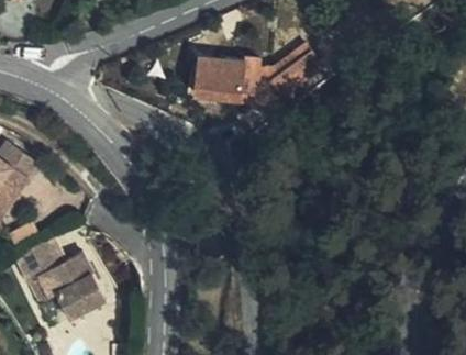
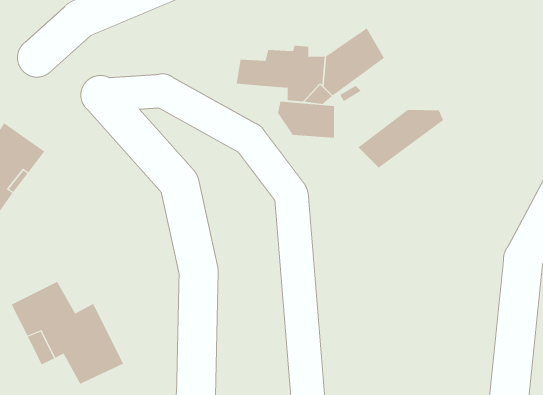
building: none -> [277,101,335,138]
building: none -> [358,109,444,168]

